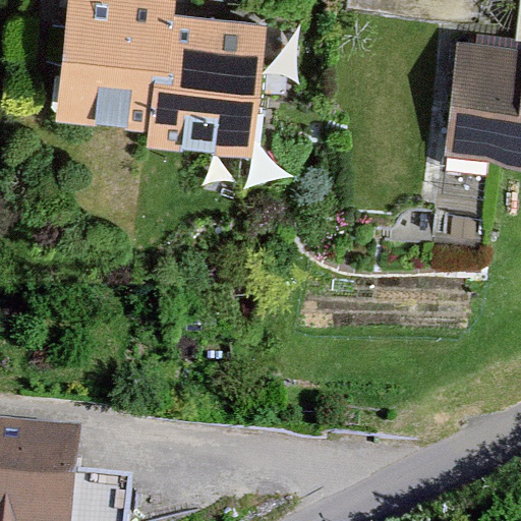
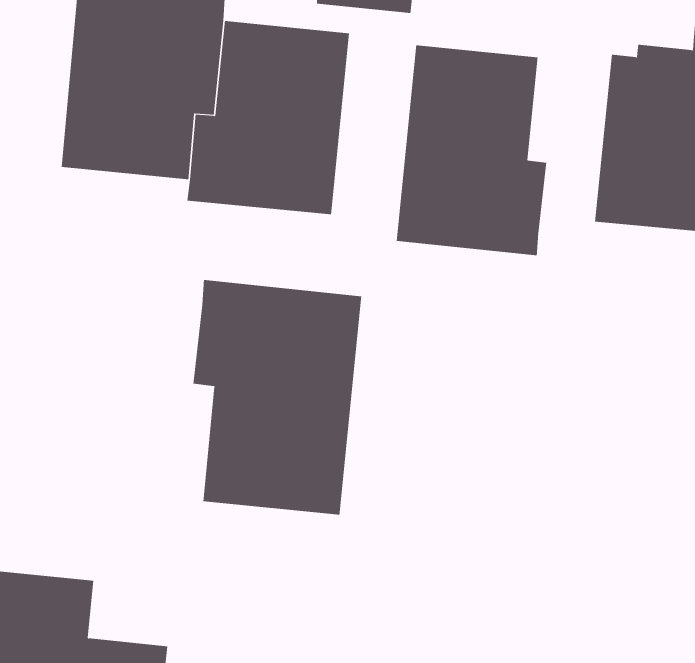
building: none -> [396,44,547,256]
building: none -> [193,279,362,516]

